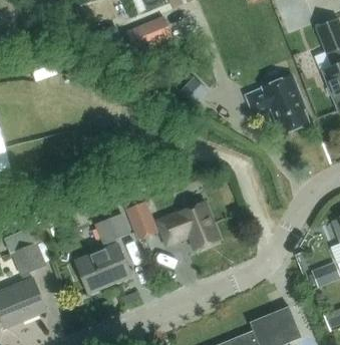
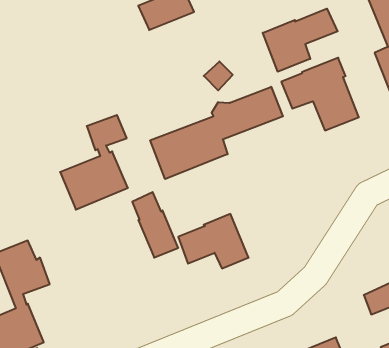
building: none -> [263,9,338,72]
building: none -> [150,87,283,179]
building: [75,214,131,292] -> [60,115,128,210]

